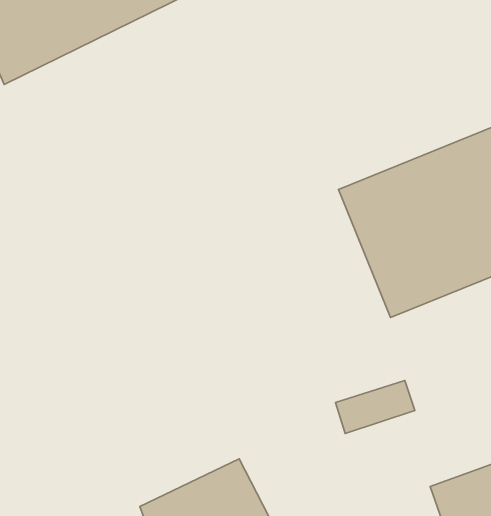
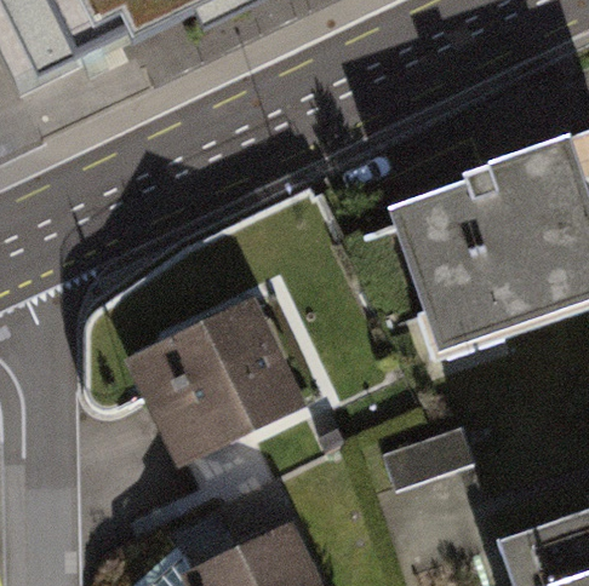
building: none -> [120,289,310,472]

